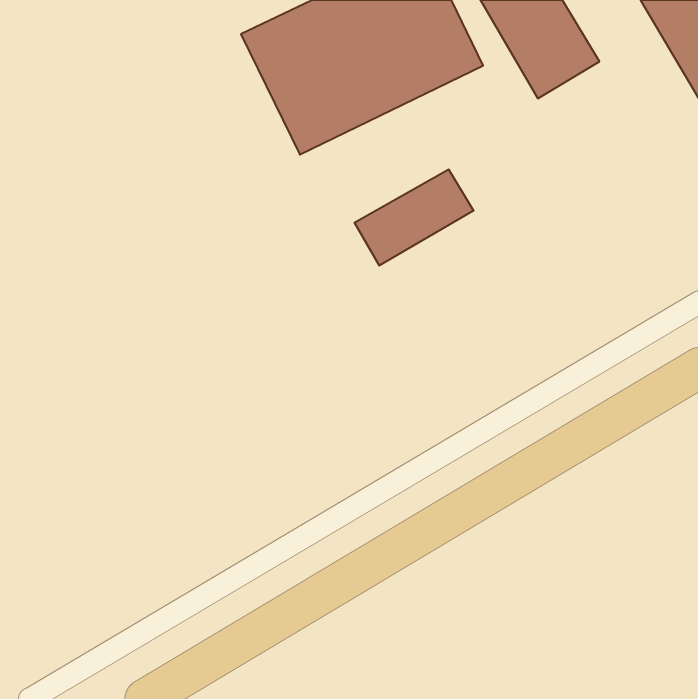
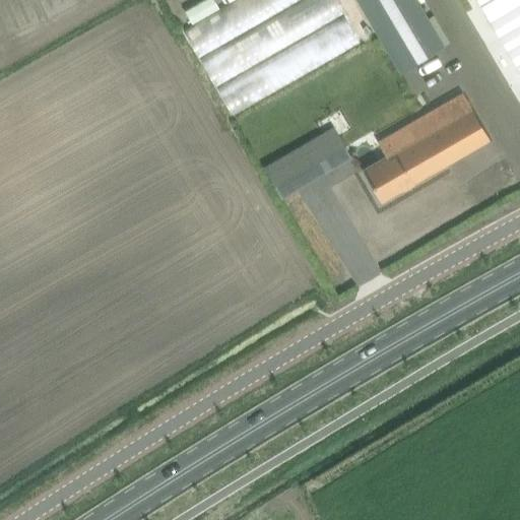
building: none -> [365,93,490,201]

